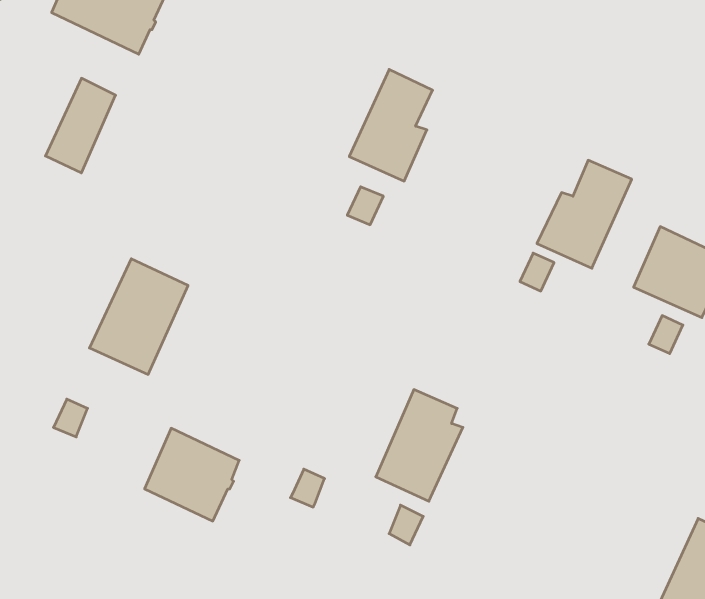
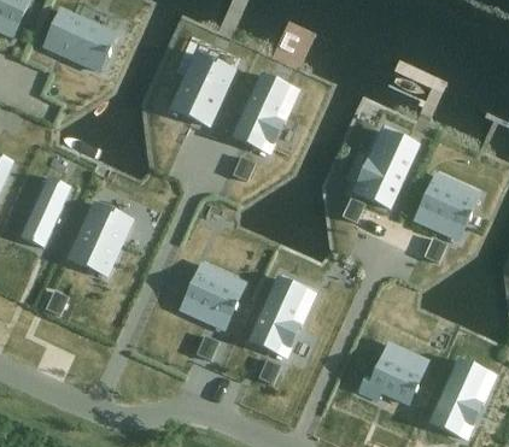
building: none -> [171,51,234,124]
building: [45,78,116,173] -> [21,186,65,246]
building: [145,428,239,521] -> [181,269,241,328]
building: none -> [359,353,422,401]

